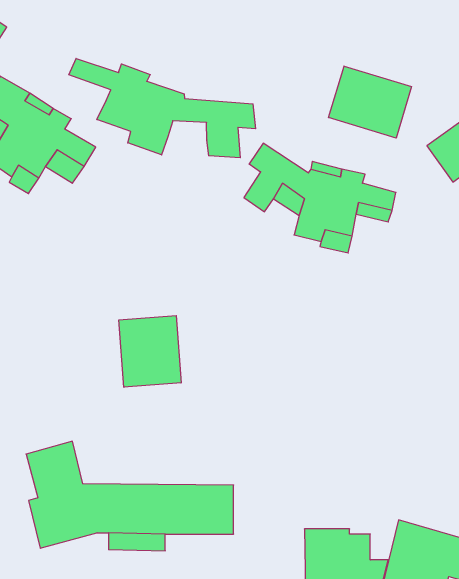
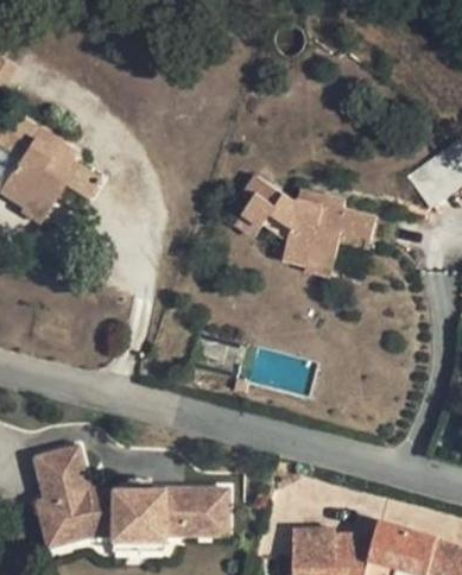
building: [69,58,256,158] -> none
building: [329,66,412,138] -> none
building: [119,316,181,387] -> none

